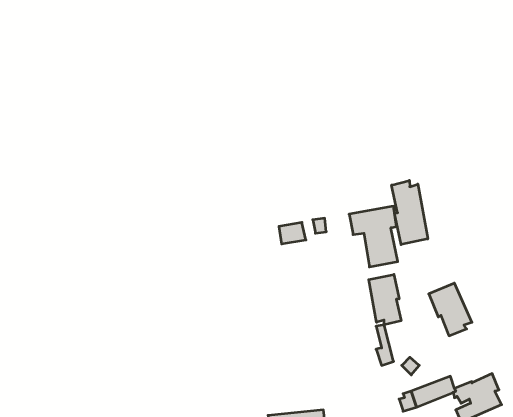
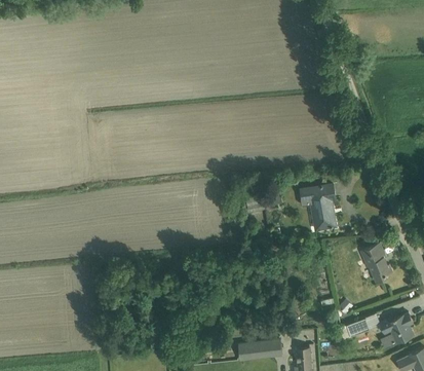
building: [392,180,428,245] -> none
building: [369,274,401,325] -> none

